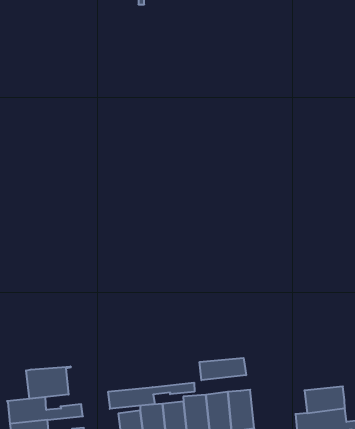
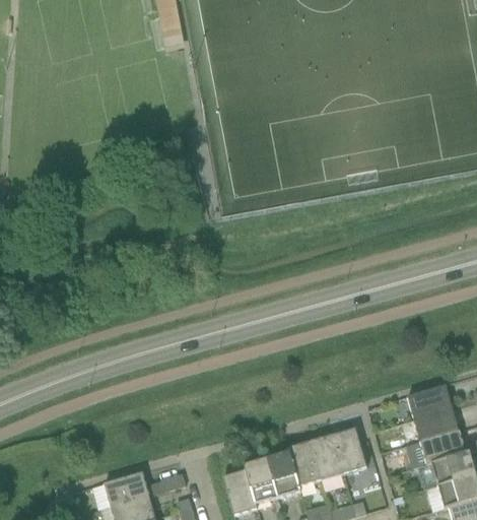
building: [200,358,246,380] -> none
building: none -> [406,385,452,418]
building: [26,366,71,399] -> none
building: [108,383,194,409] -> none

